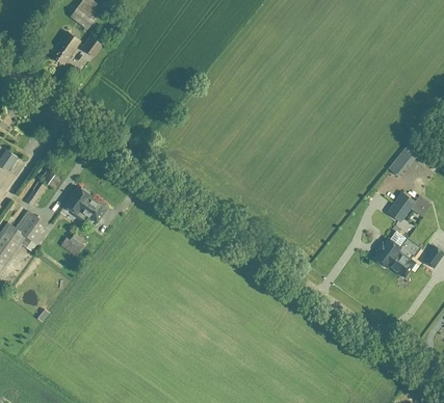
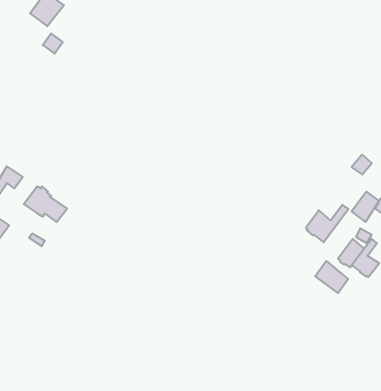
building: [50,31,80,64] -> none
building: none -> [306,205,348,242]
building: none -> [315,261,348,293]

